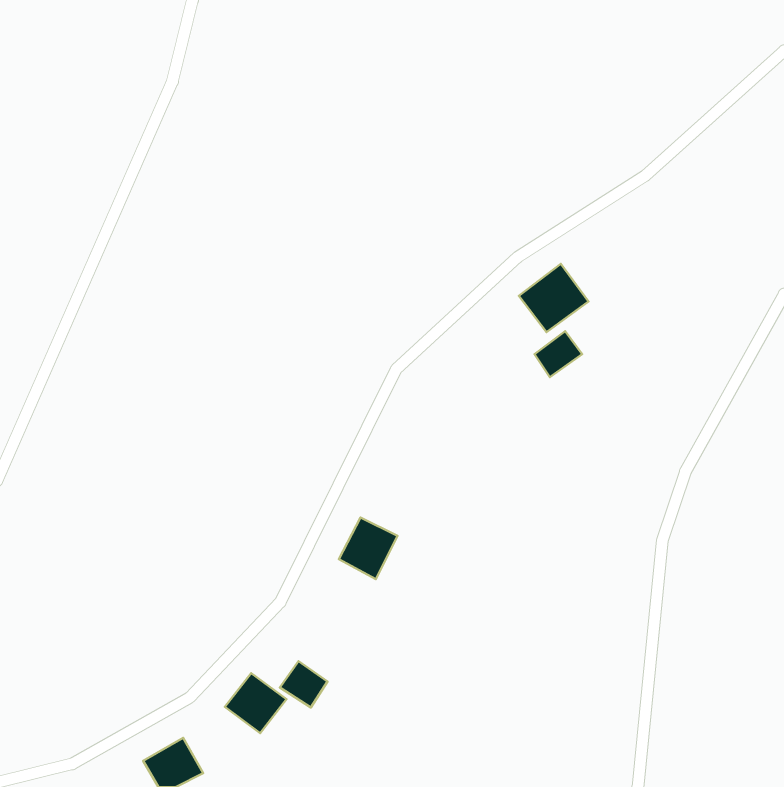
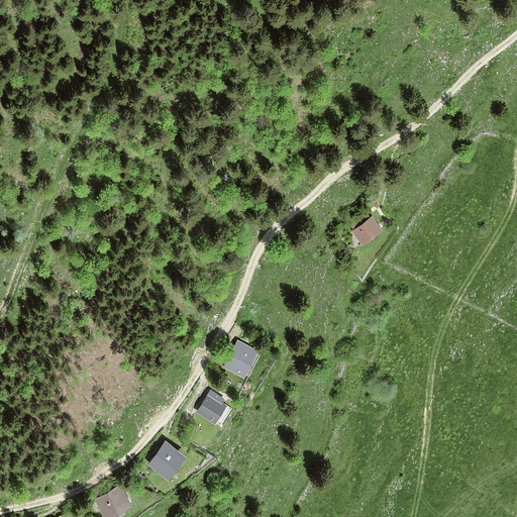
building: [519,264,588,332] -> none
building: [280,661,328,708] -> [196,395,227,425]

